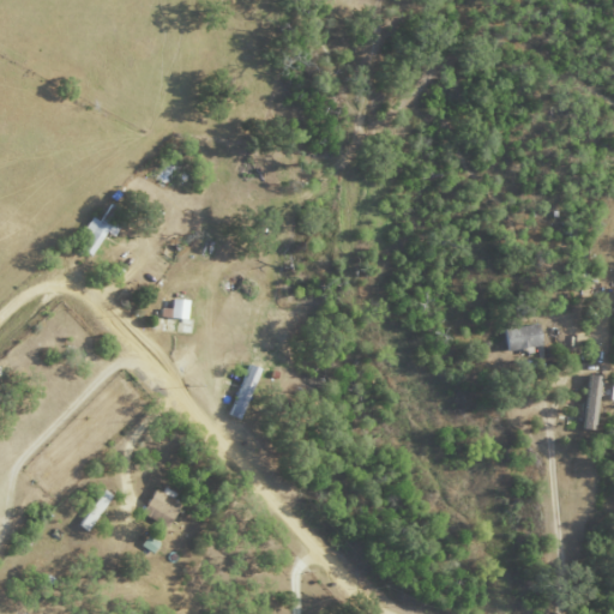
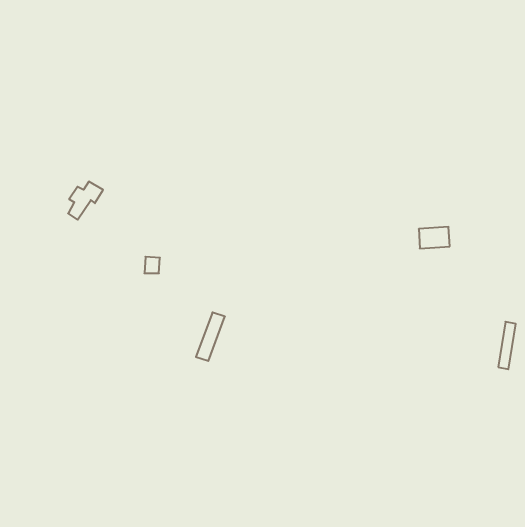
building: [506,324,542,349] -> [419,227,450,248]
building: [148,487,183,518] -> none

